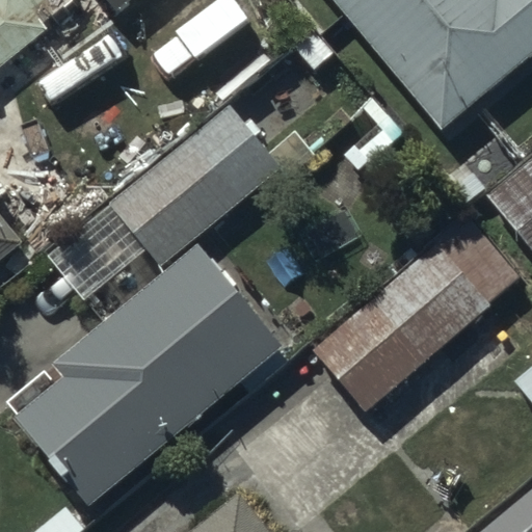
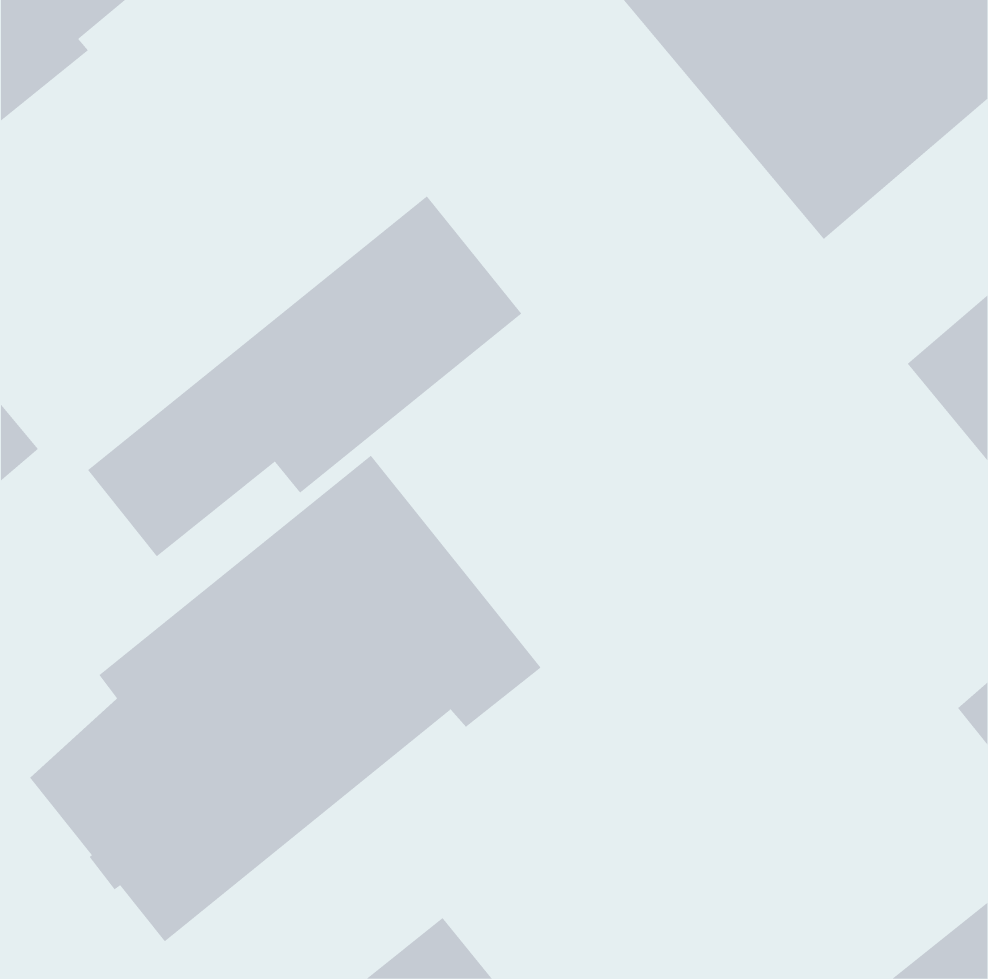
building: [311,211,522,410] -> none

